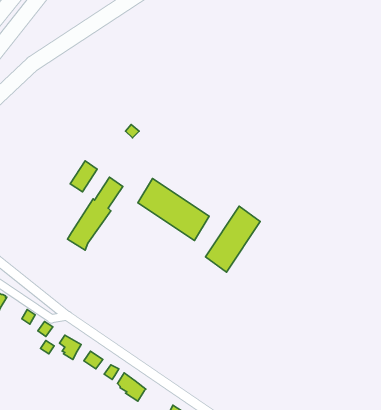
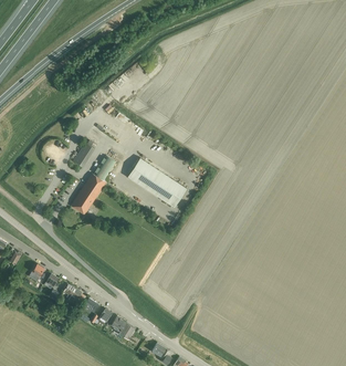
building: [205,206,260,272] -> none

